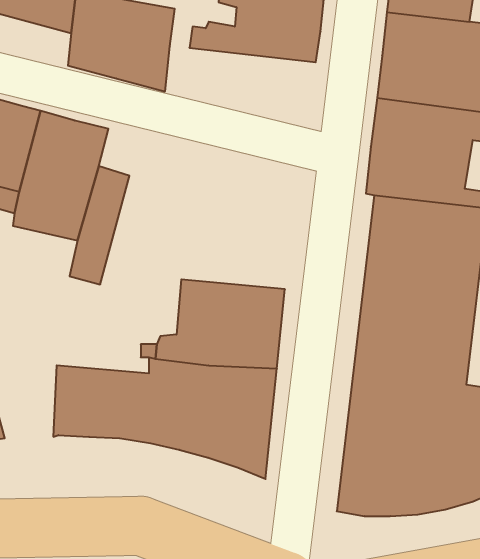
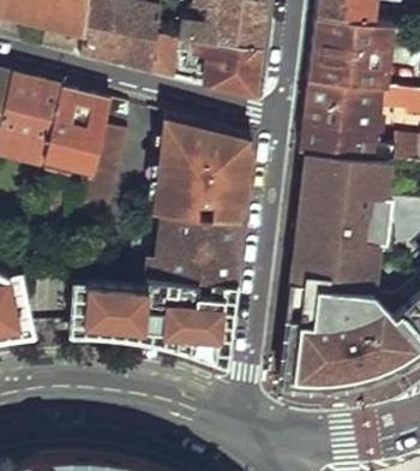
building: none -> [151,41,263,101]
building: none -> [150,117,250,221]

